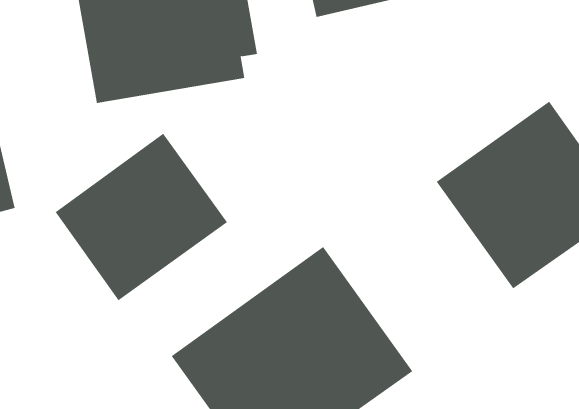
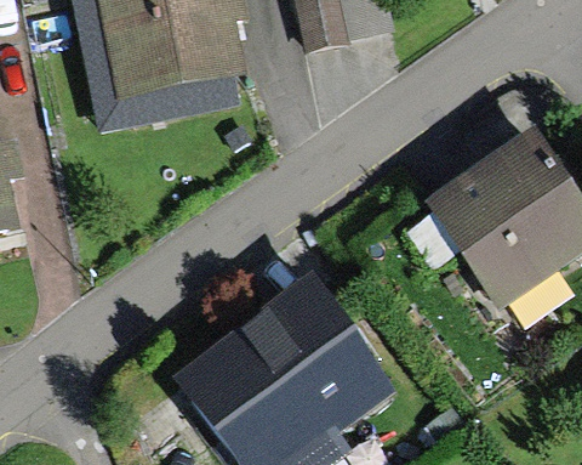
building: [55,133,228,301] -> none

